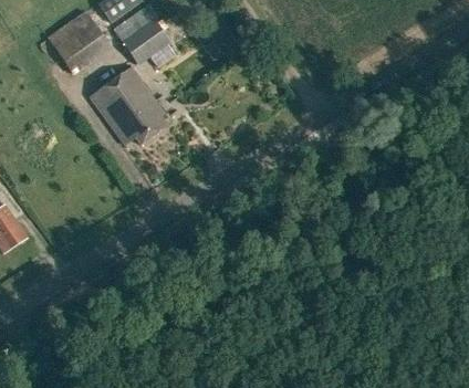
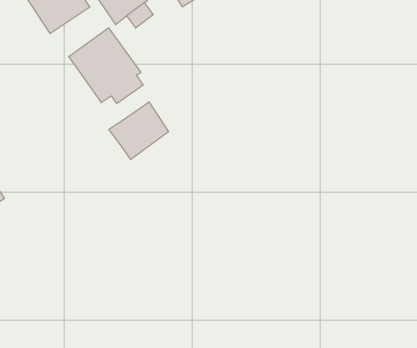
building: none -> [109,102,168,160]

